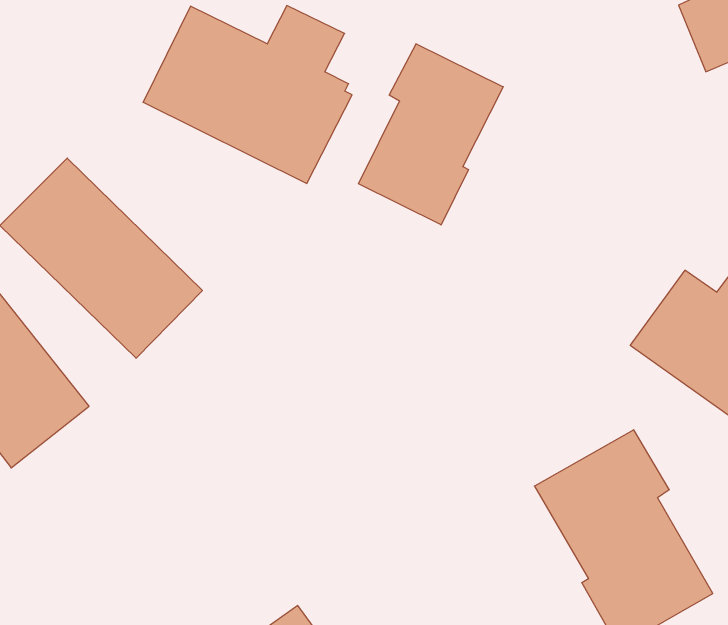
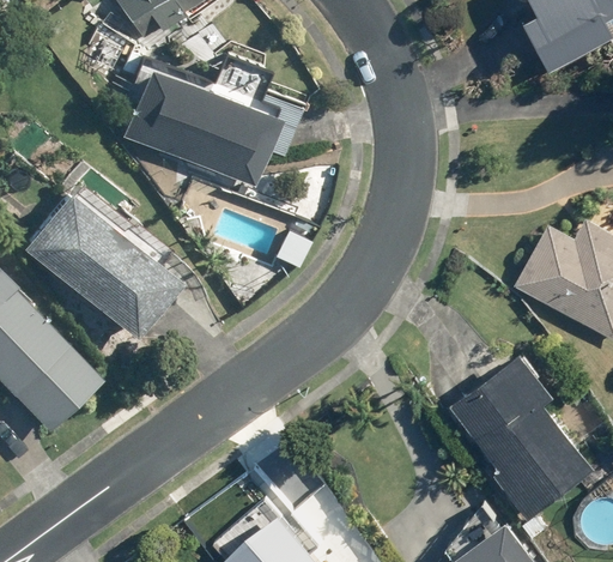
building: [358,44,503,225] -> none

